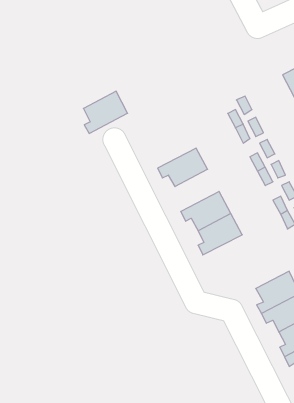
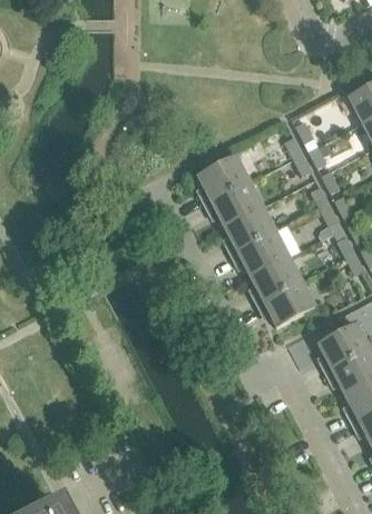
building: [83,91,128,133] -> [197,155,248,204]
building: none -> [224,205,275,254]
building: none -> [256,280,314,326]

